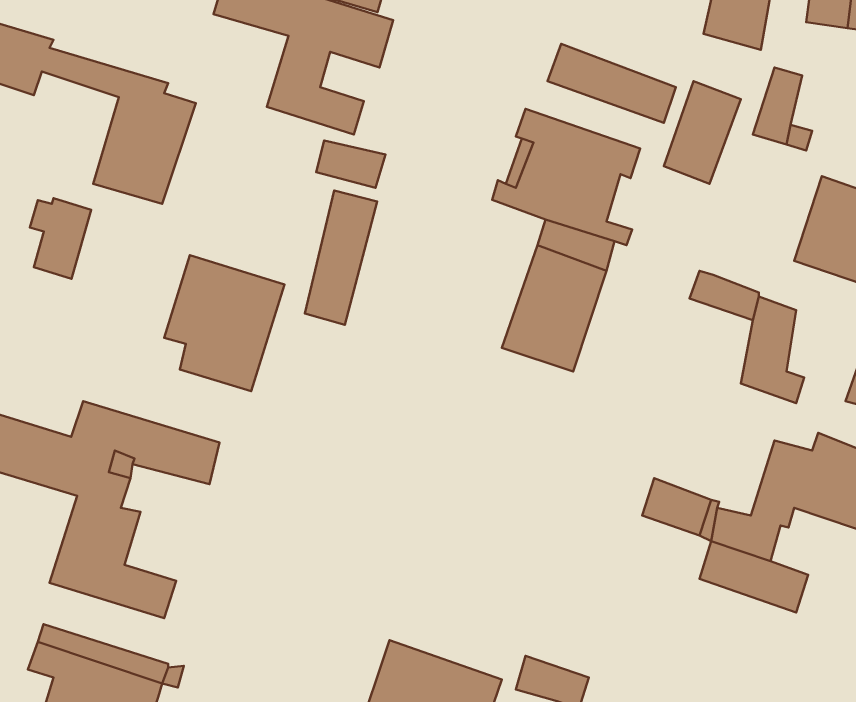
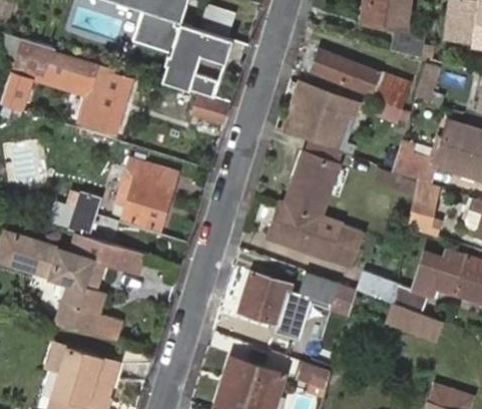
building: [305,191,377,325] -> none
building: [30,198,91,279] -> [67,193,98,235]
building: none -> [394,138,430,178]
building: none -> [268,203,363,268]
building: none -> [237,275,305,340]
building: none -> [302,276,355,316]

